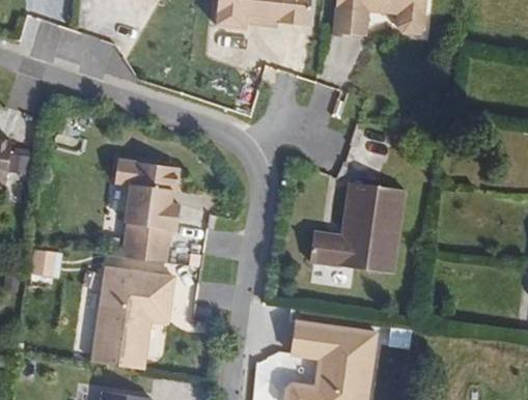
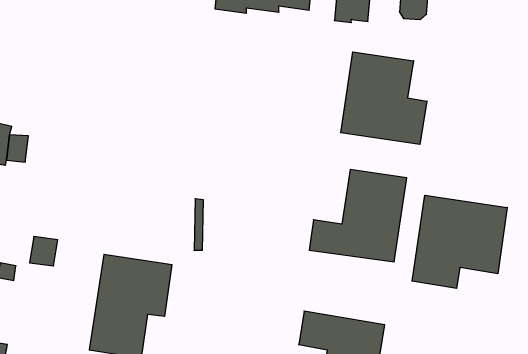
building: none -> [341,52,427,144]
building: [107,158,172,262] -> none
building: none -> [412,195,507,288]

